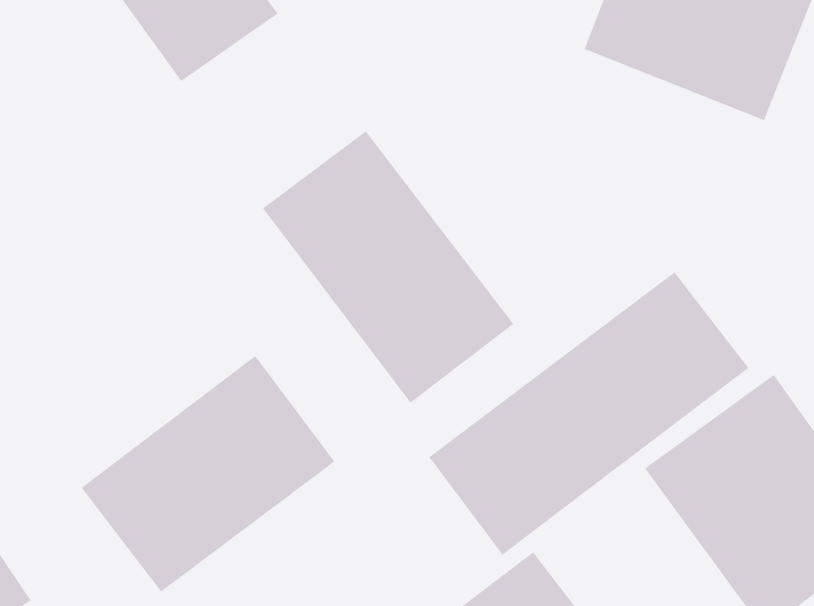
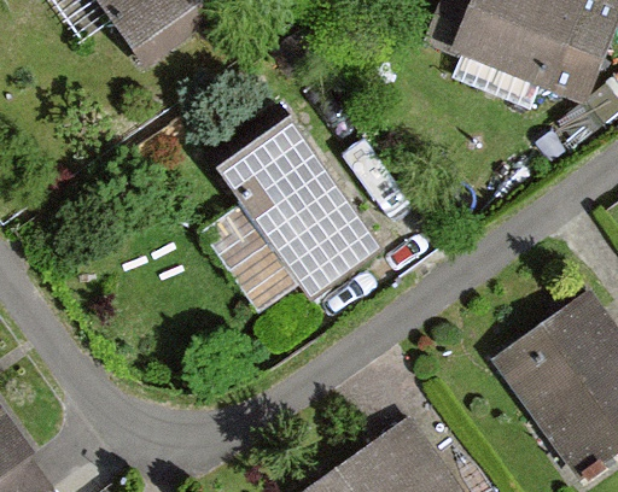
building: [429,271,749,555] -> none
building: [81,355,335,593] -> none

